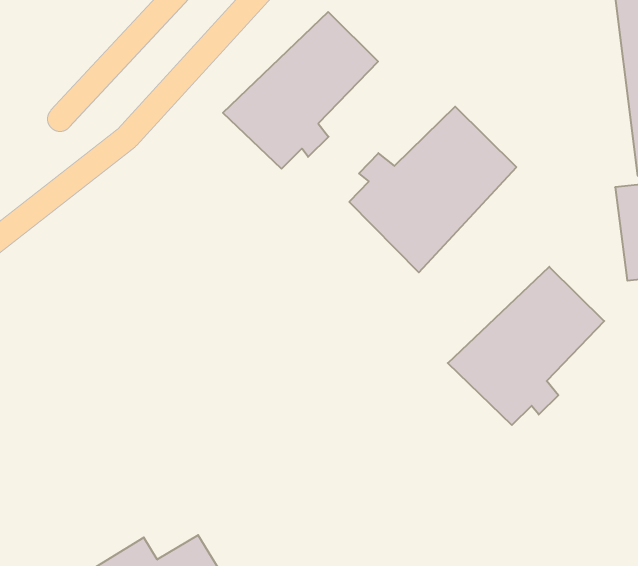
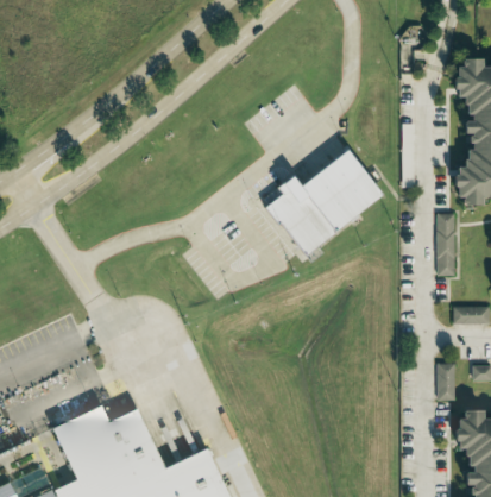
building: [223,12,378,169] -> none
building: [448,267,604,425] -> none

